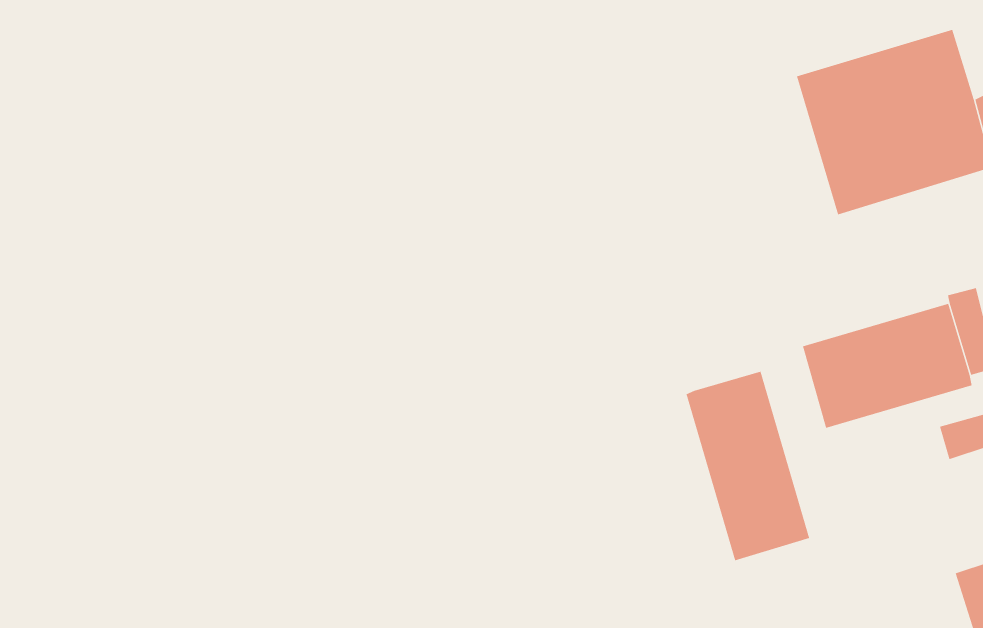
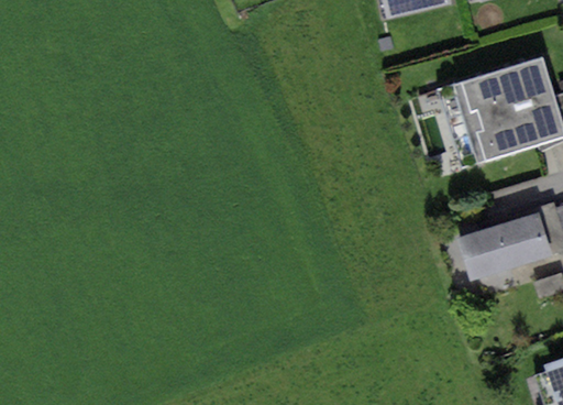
building: [686,371,810,561] -> none

